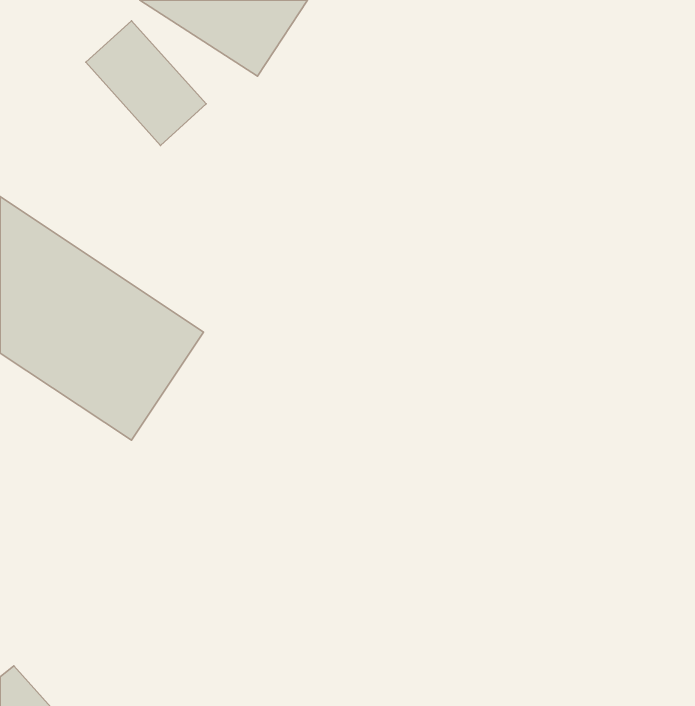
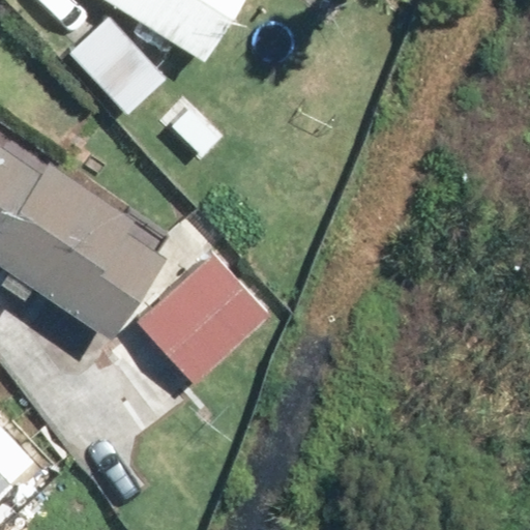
building: none -> [135,255,268,385]

